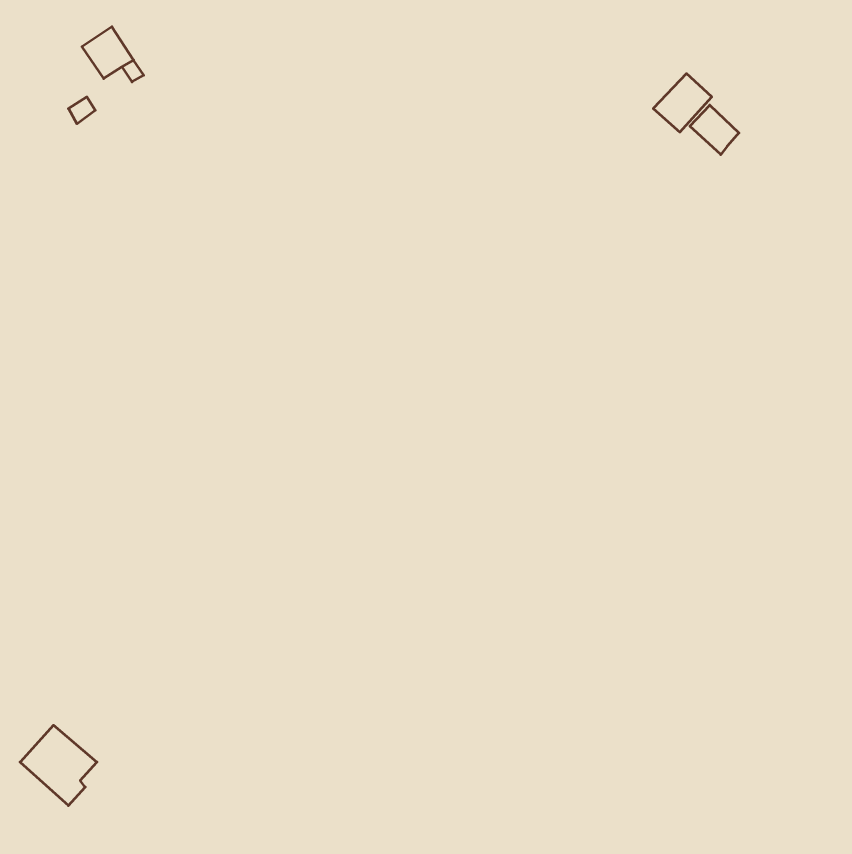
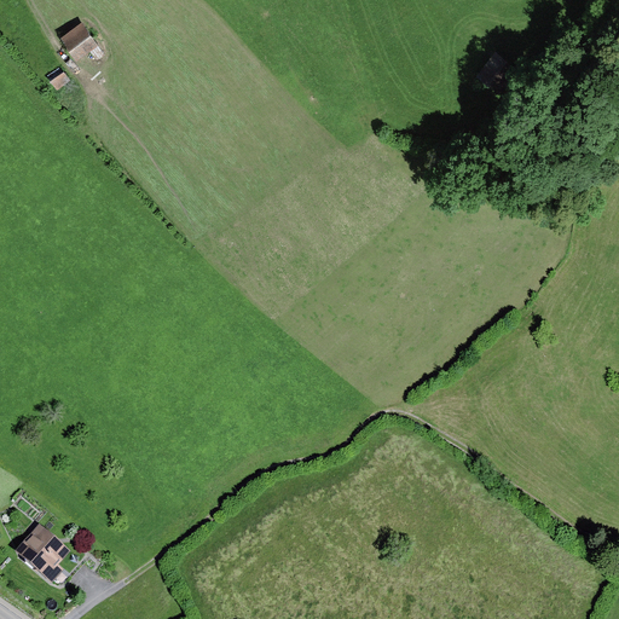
building: [690,105,739,155] -> none

